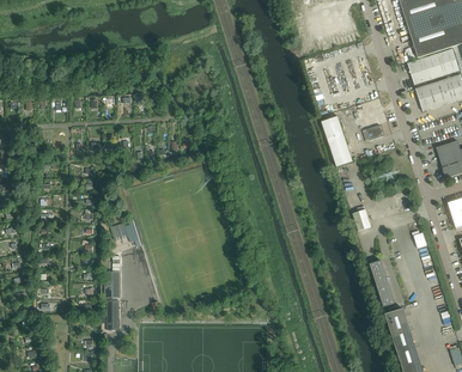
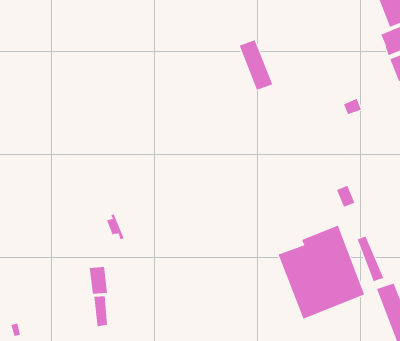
building: [322,116,353,166] -> [239,40,273,91]
building: none -> [278,225,365,319]

